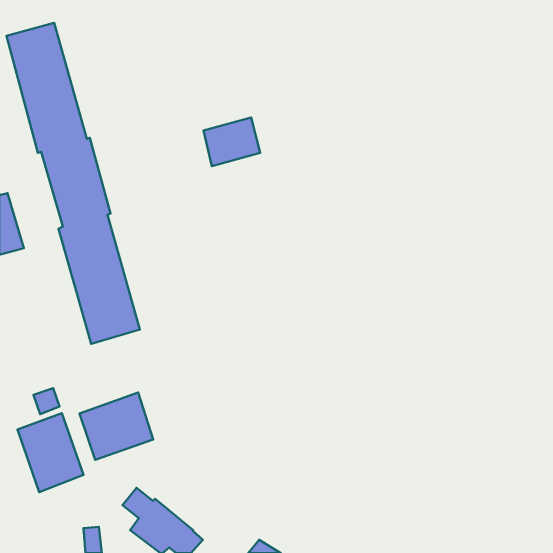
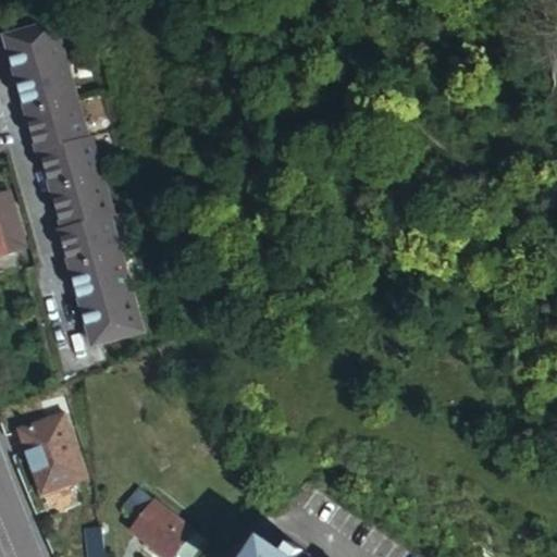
building: [203,118,260,166] -> none
building: [79,392,153,460] -> none

